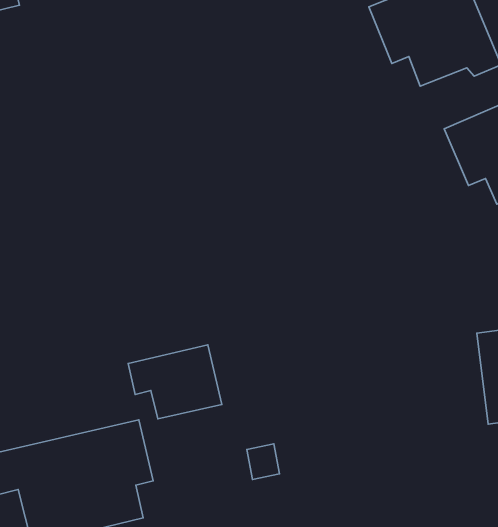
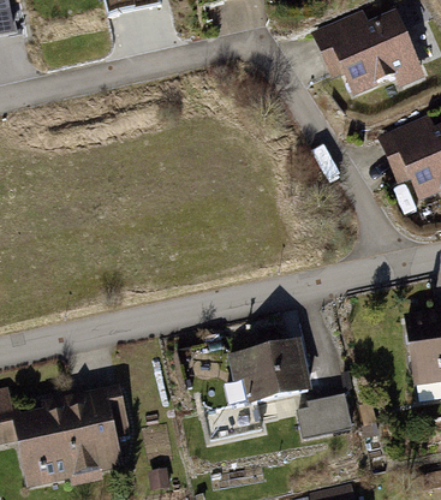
building: [128,345,222,419] -> [230,337,309,399]
building: none -> [294,392,354,440]

